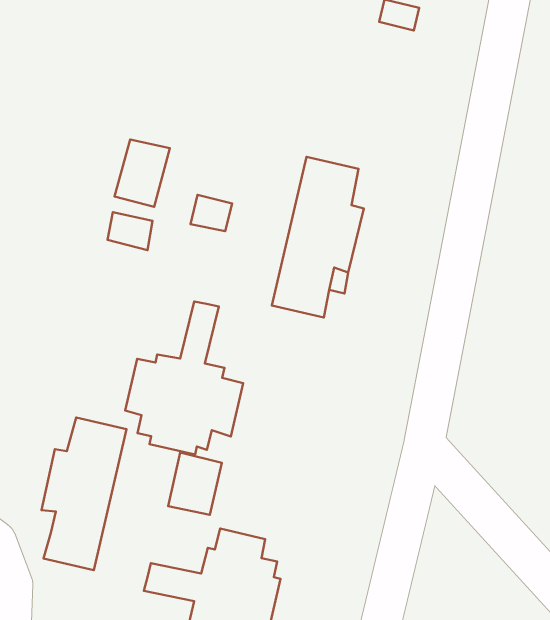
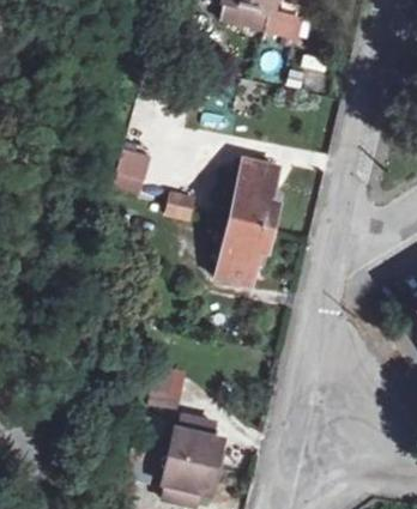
building: [125,301,243,454] -> none
building: [41,417,127,570] -> none

